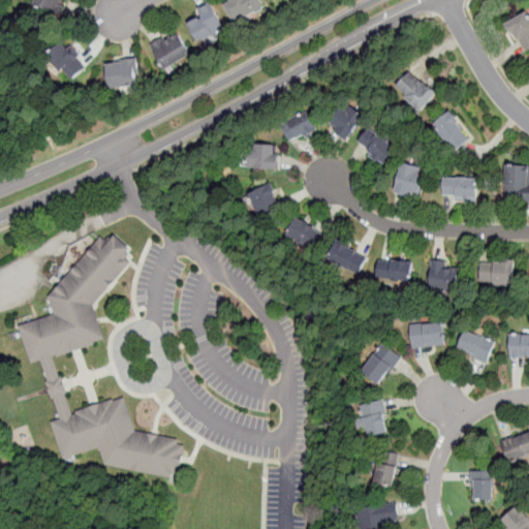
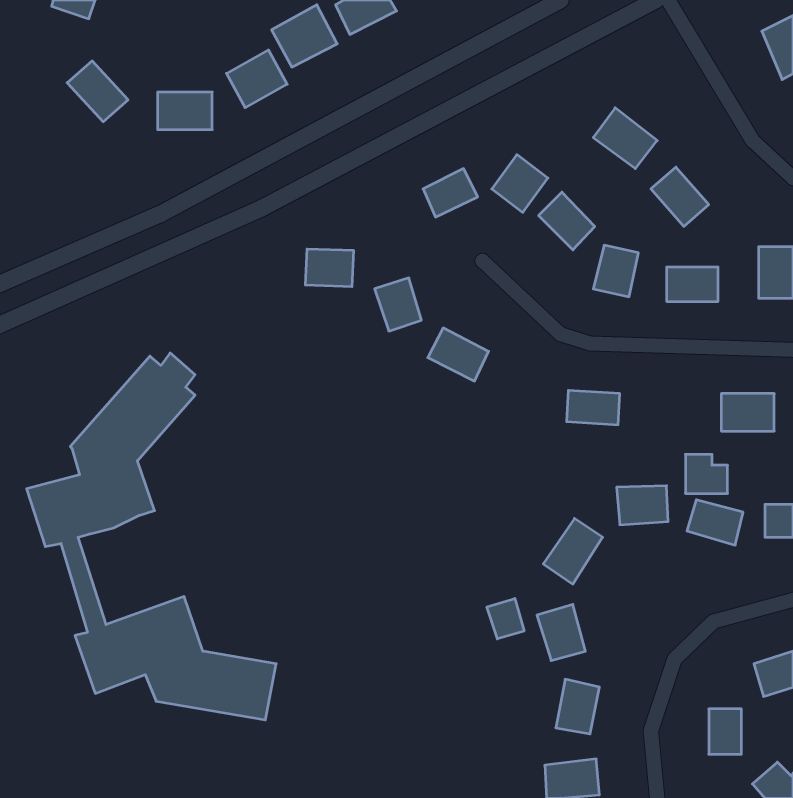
building: [245,144,277,168] -> [305,249,354,287]
building: [325,240,366,274] -> none
building: [428,259,456,285] -> [685,454,728,493]
building: none -> [487,598,524,639]

